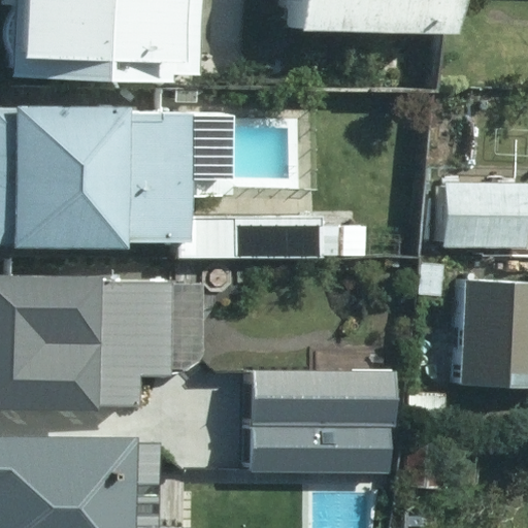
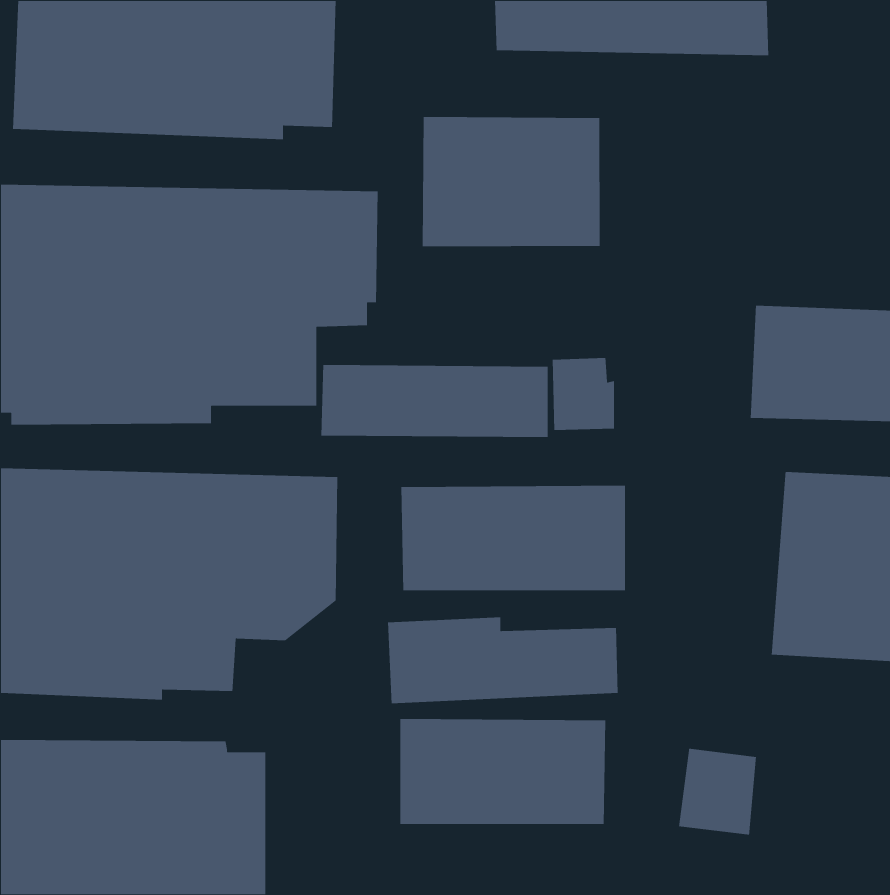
building: none -> [422,116,601,247]
building: none -> [400,485,626,591]

